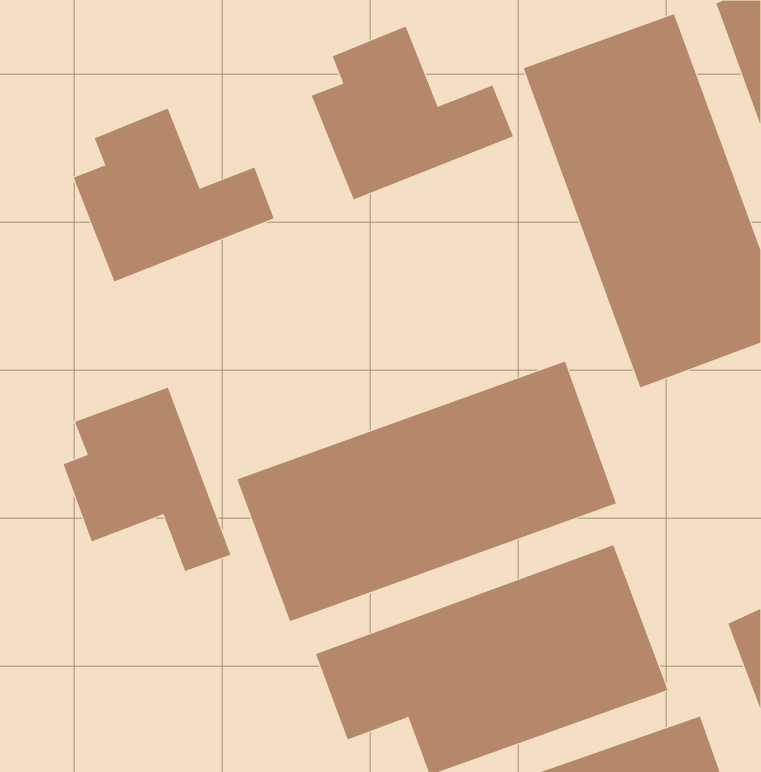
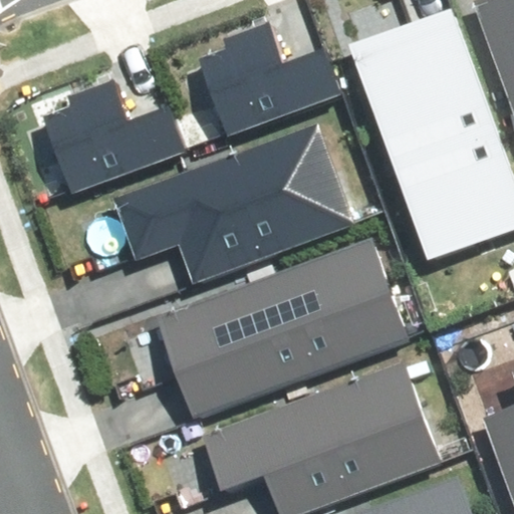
building: none -> [127,133,361,286]
building: [63,387,231,572] -> none

